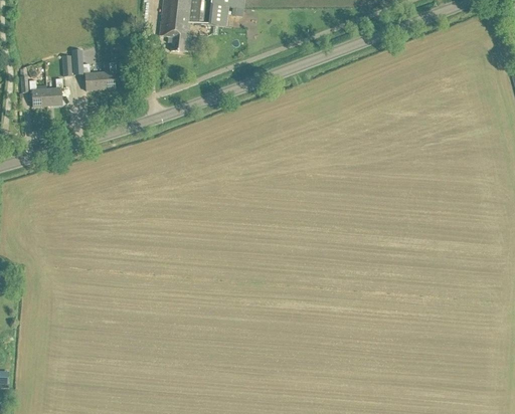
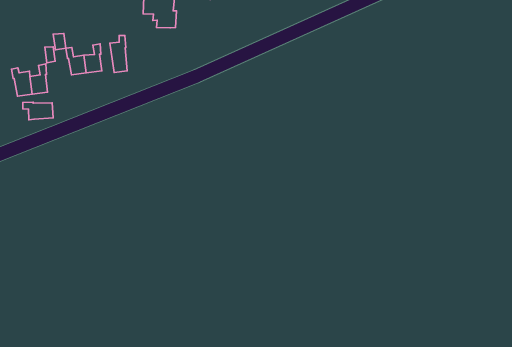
building: none -> [110,35,127,73]
building: none -> [23,102,53,120]

